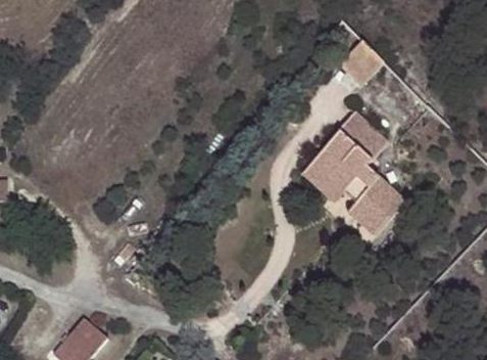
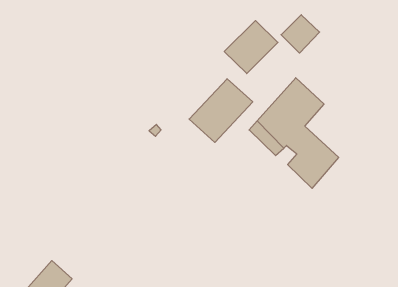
building: none -> [224,21,278,74]
building: none -> [189,79,253,142]

